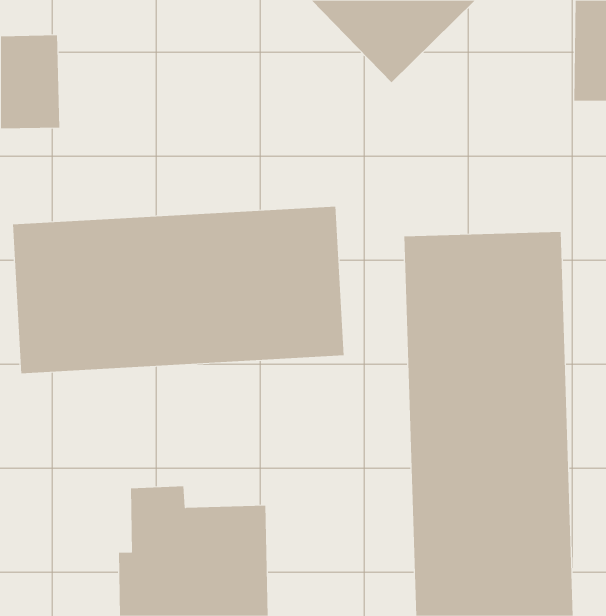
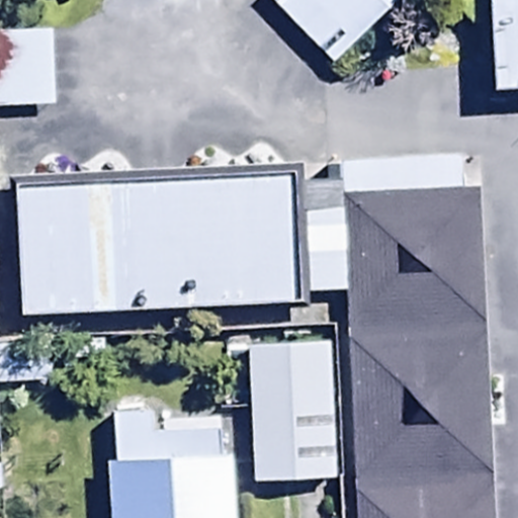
building: none -> [257,341,337,484]

